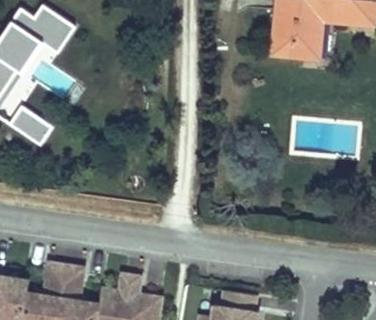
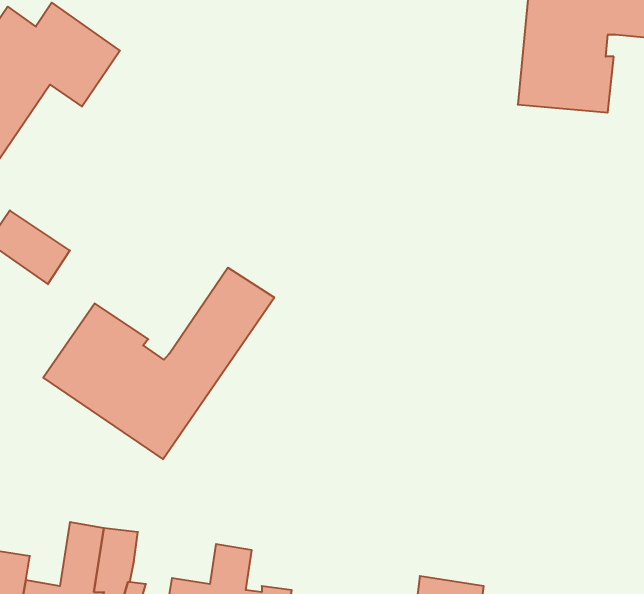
building: none -> [43,268,274,459]

